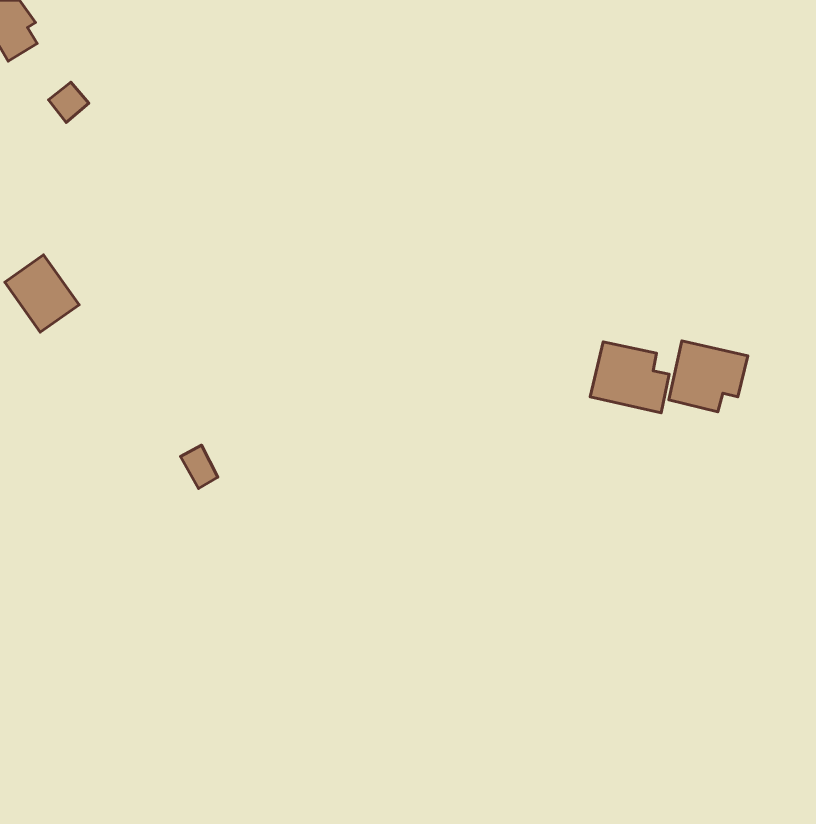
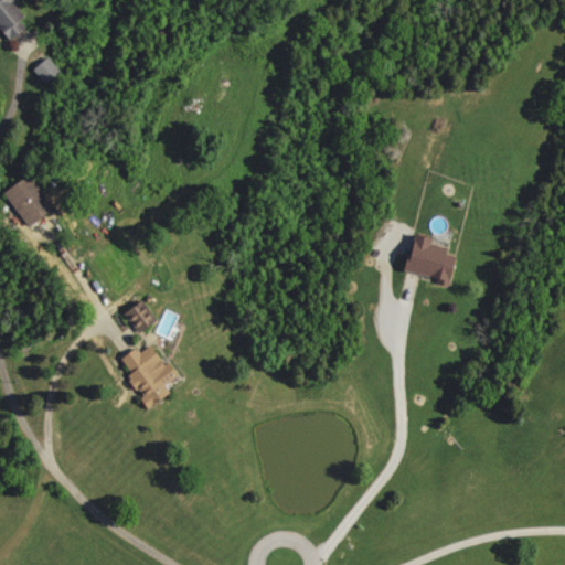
building: [669,341,748,412] -> none
building: none -> [119,344,179,407]

